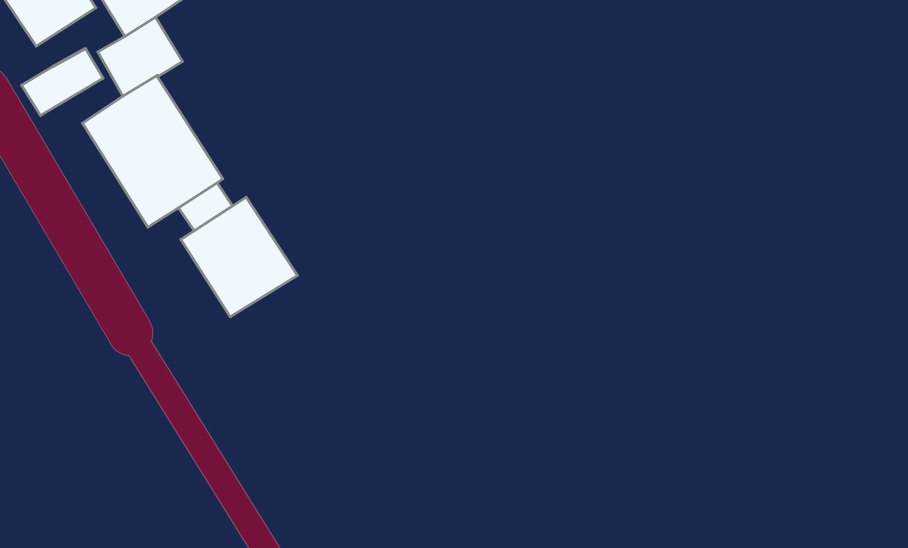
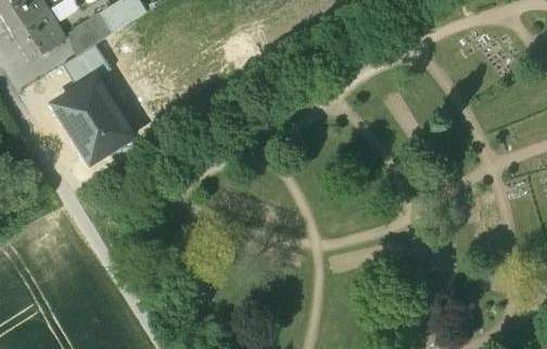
building: [21,48,103,116] -> none
building: [181,197,297,317] -> none

